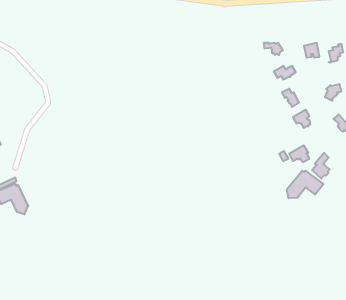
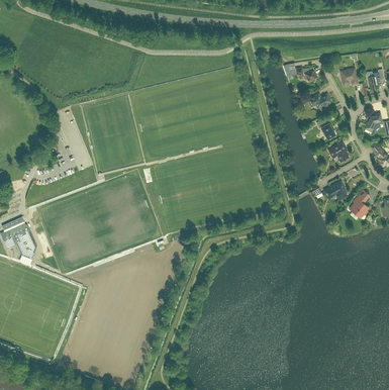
building: [287,171,323,198] -> none

